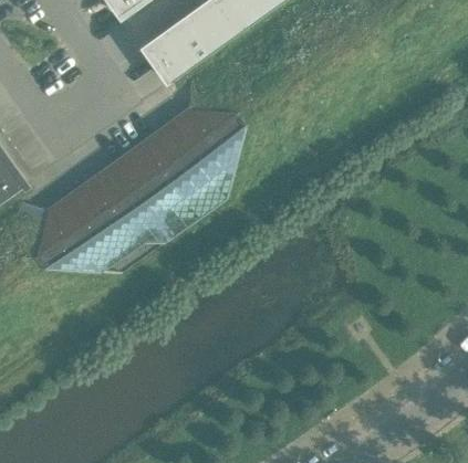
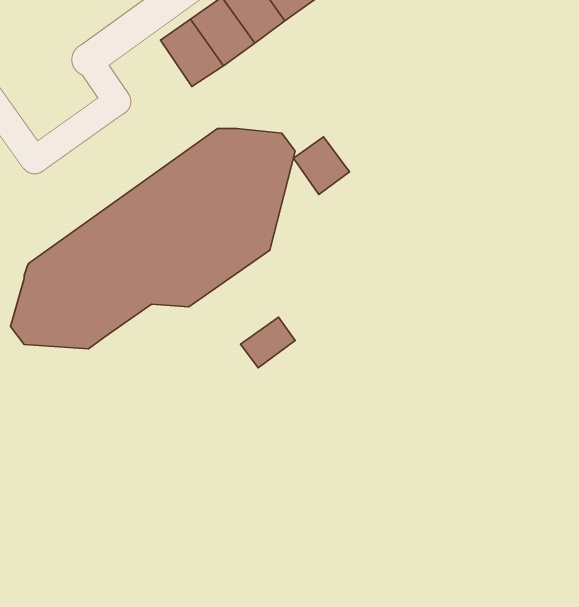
building: none -> [293,137,350,195]
building: none -> [240,317,295,368]

